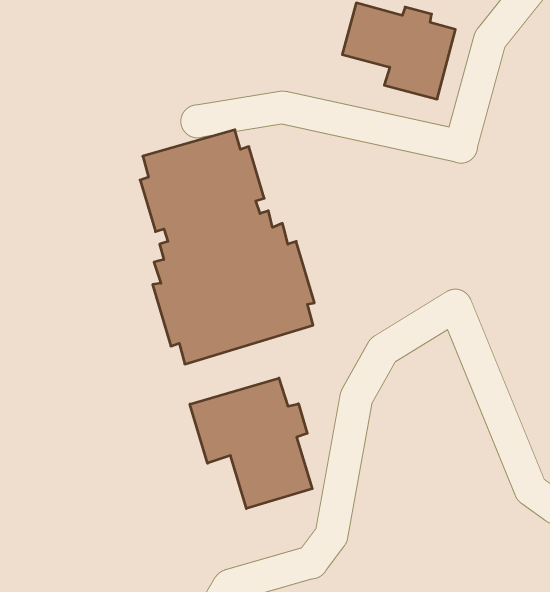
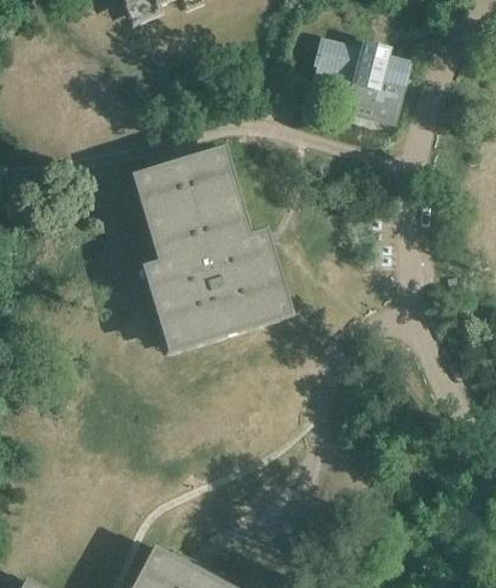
building: [190,378,312,509] -> none

